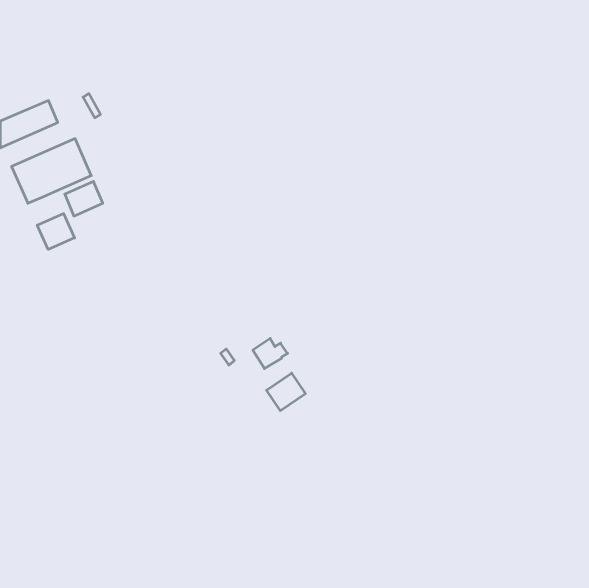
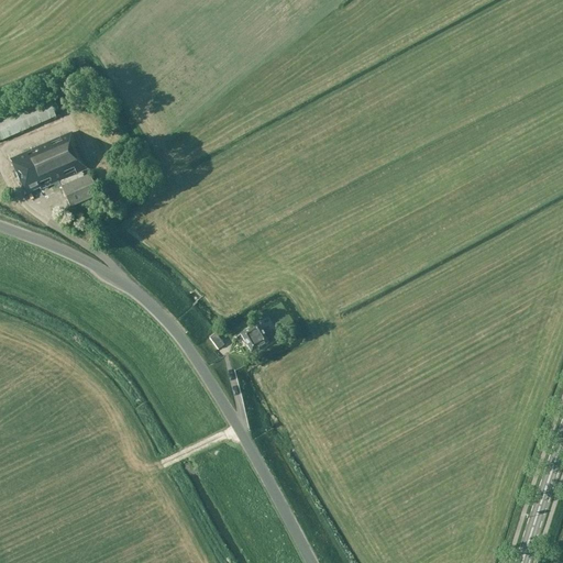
building: [37,214,75,249] -> none
building: [267,373,305,411] -> none

